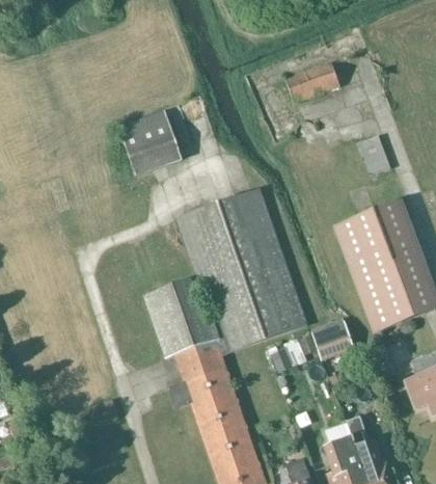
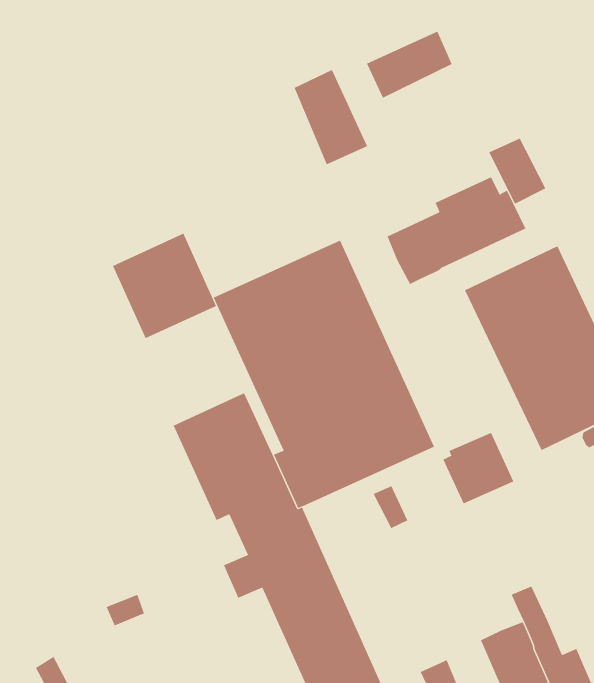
building: none -> [294,69,368,165]
building: [119,109,183,173] -> [112,233,217,339]
building: none -> [387,176,526,285]

